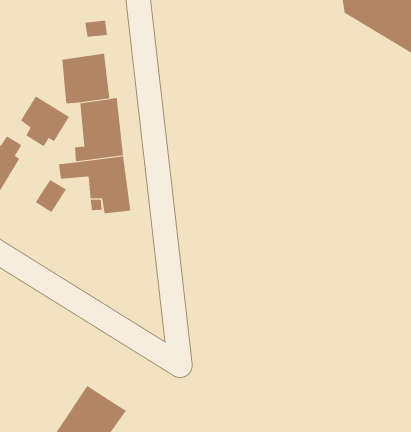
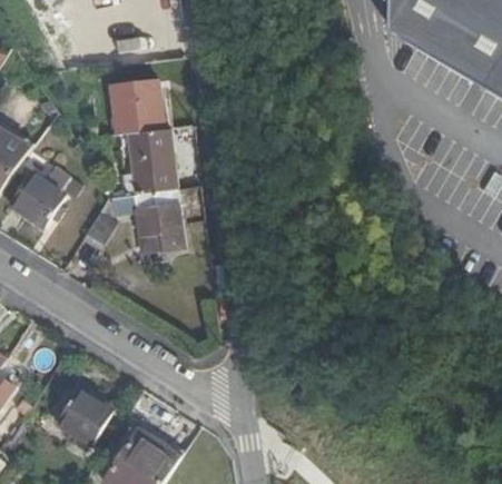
building: [20,95,70,147] -> none
building: none -> [56,387,112,446]

